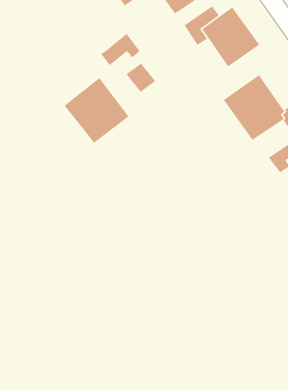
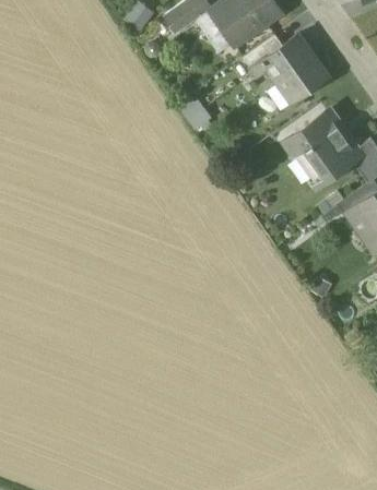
building: [100,33,140,66] -> none
building: [63,77,129,144] -> none

